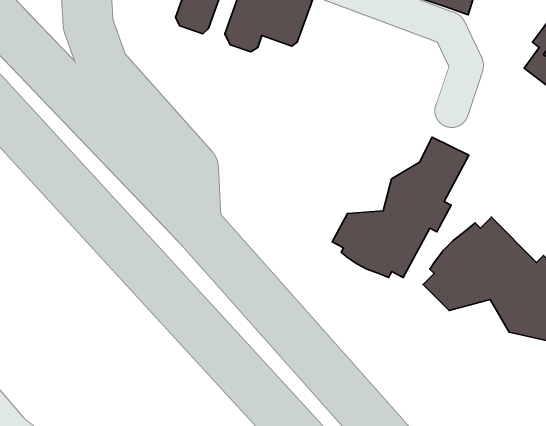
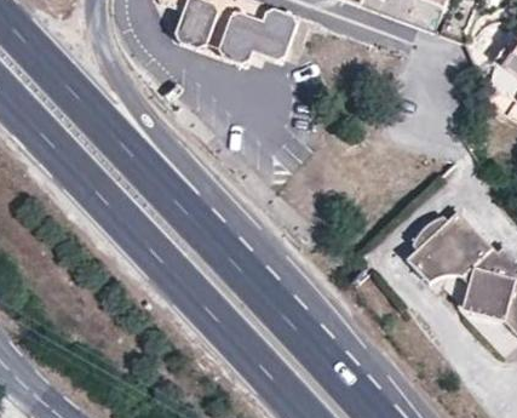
building: [332,137,469,278] -> none

